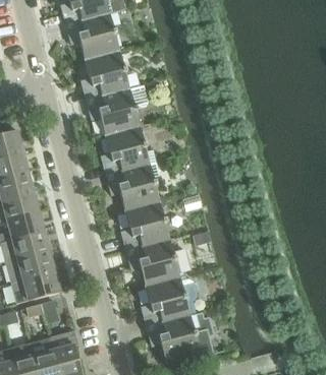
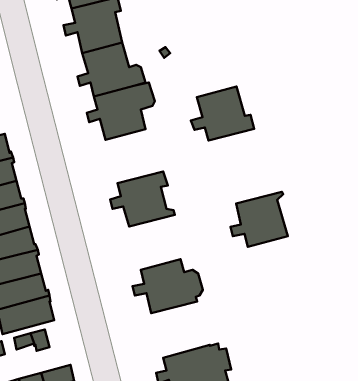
building: [100,126,155,173] -> [191,87,254,140]
building: [120,200,170,248] -> [230,192,288,247]
building: [141,275,197,324] -> none

